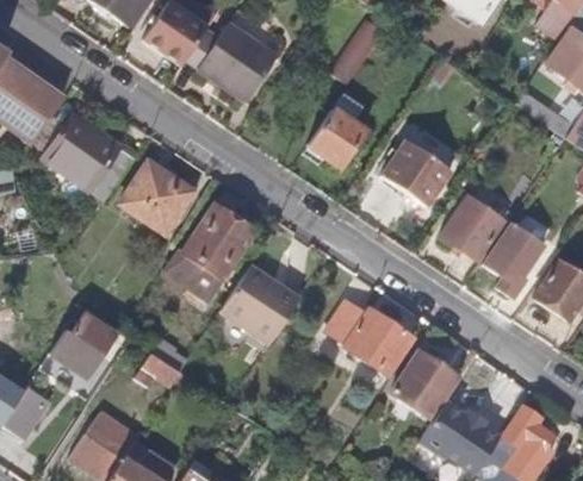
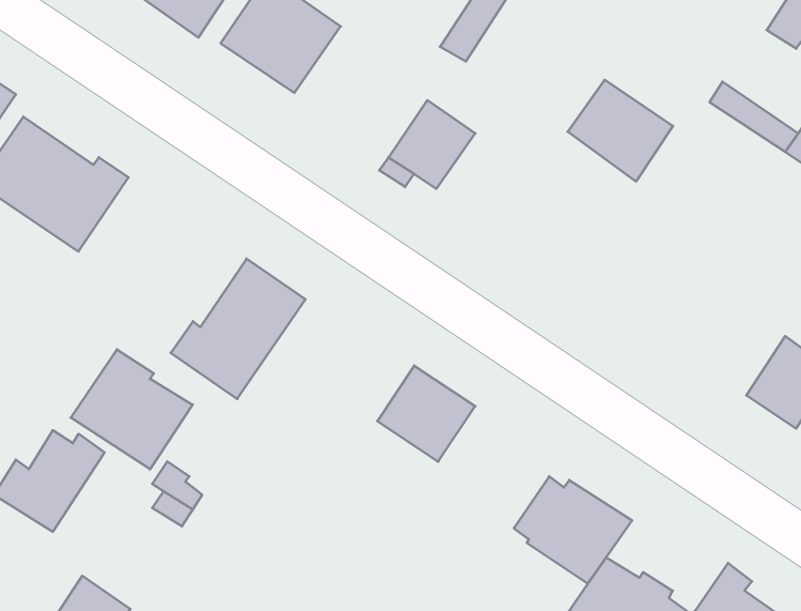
building: [382,140,449,206] -> [568,80,673,181]
building: [124,164,196,235] -> none
building: [445,195,503,256] -> none
building: [486,218,546,295] -> none
building: [218,264,297,342] -> [71,349,193,469]
building: [341,318,408,382] -> none

